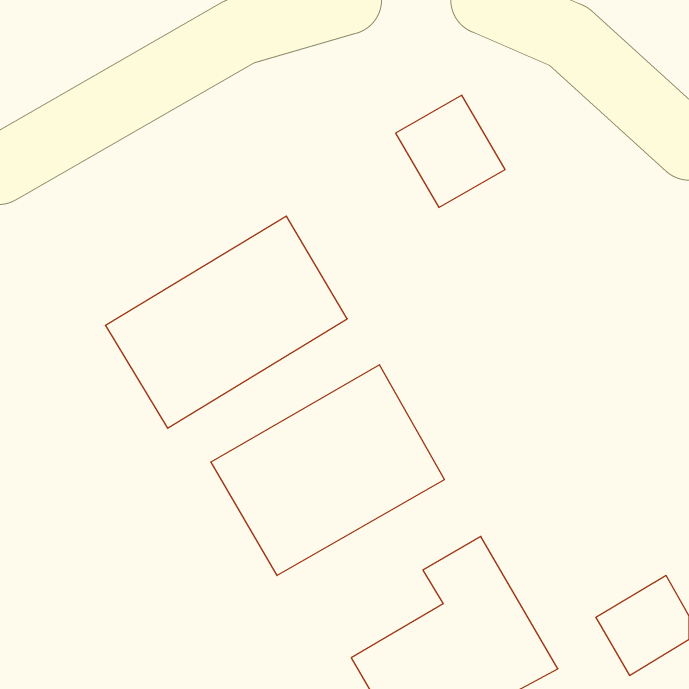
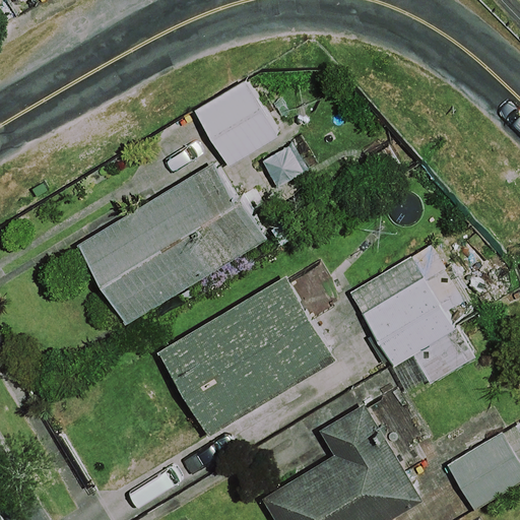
building: [396,95,505,207] -> [195,81,277,166]
building: none -> [362,277,471,383]

